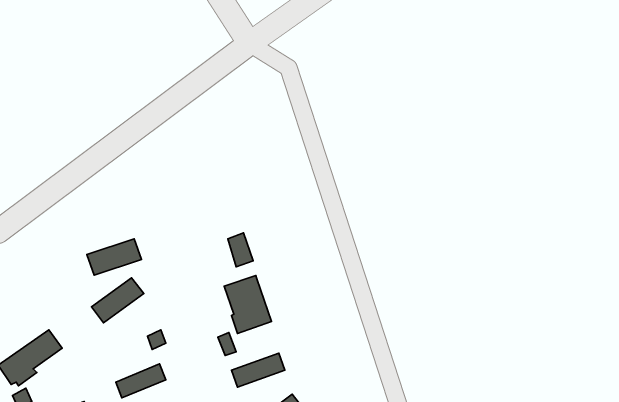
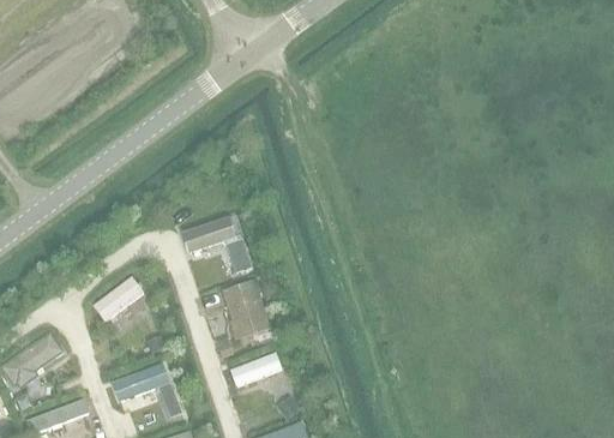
building: [87,239,141,275] -> [180,215,234,251]

